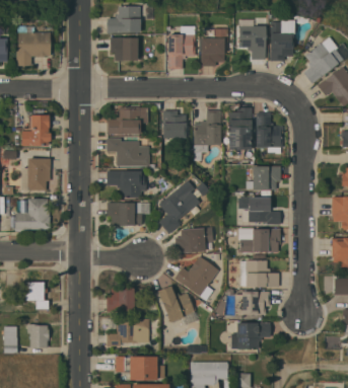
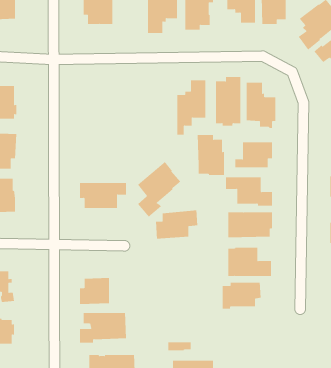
building: [107,107,148,134] -> none
building: [162,110,188,147] -> [197,135,225,175]
building: [107,138,149,166] -> none
building: [107,170,146,198] -> none
building: [175,256,218,301] -> none
building: [157,286,198,325] -> none
building: [230,322,270,350] -> none

